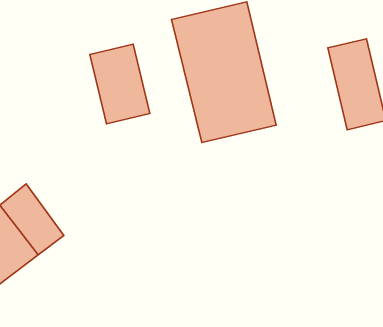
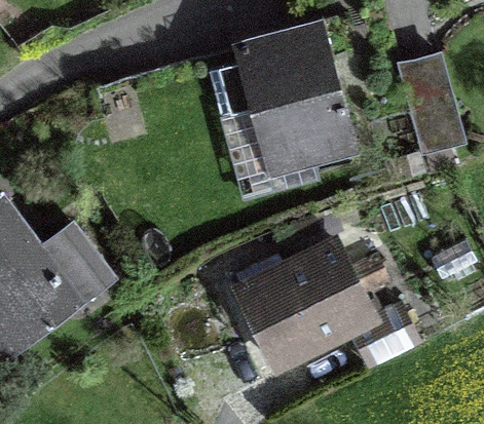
building: [90,44,150,124] -> none
building: none -> [226,237,376,376]

